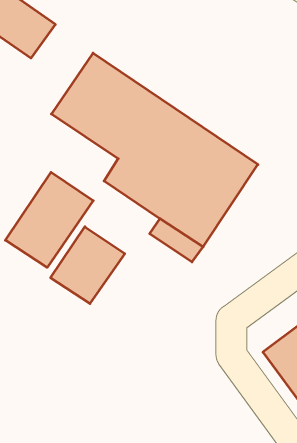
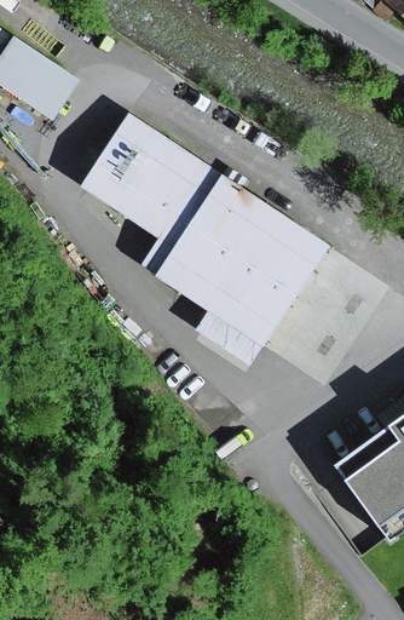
building: [5,172,93,267] -> none
building: [51,227,125,304] -> none

